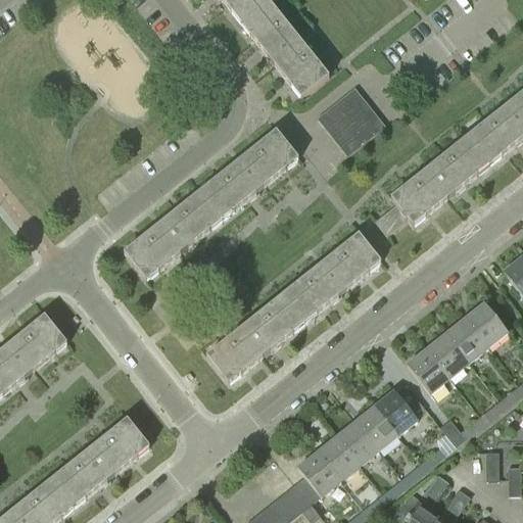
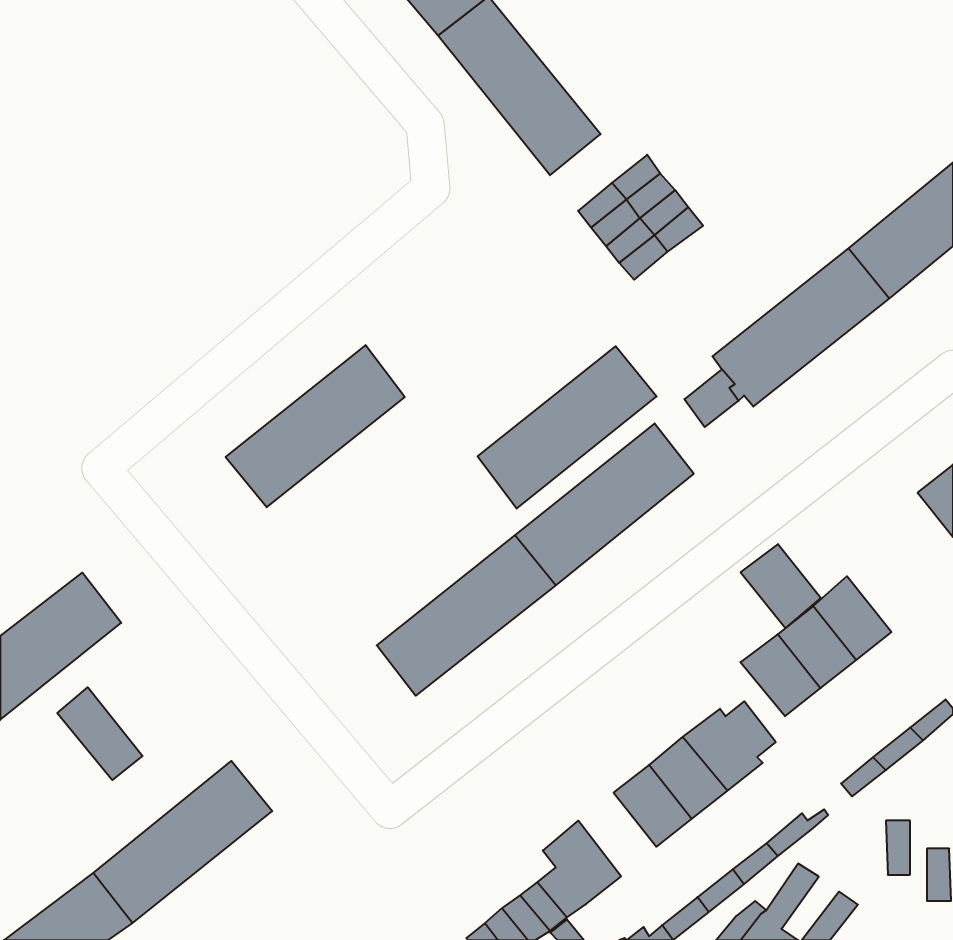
building: [200,129,298,218] -> [478,346,657,509]
building: [464,300,508,346] -> [741,544,821,628]
building: none -> [57,687,143,780]
building: [317,434,360,480] -> none

